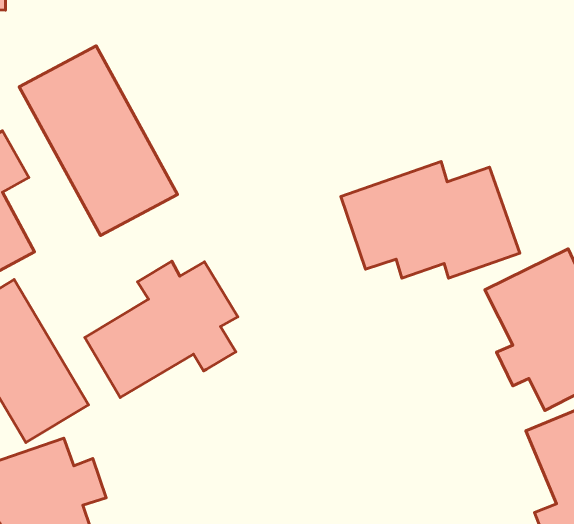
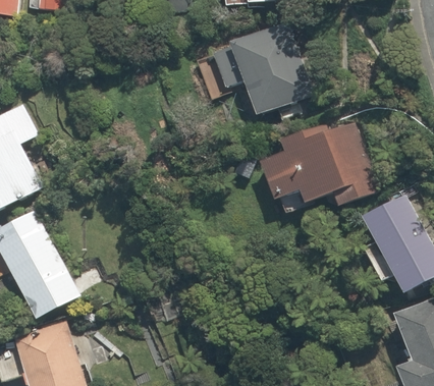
building: none -> [197,21,316,116]
building: [19,46,177,236] -> none
building: [85,261,238,397] -> none

